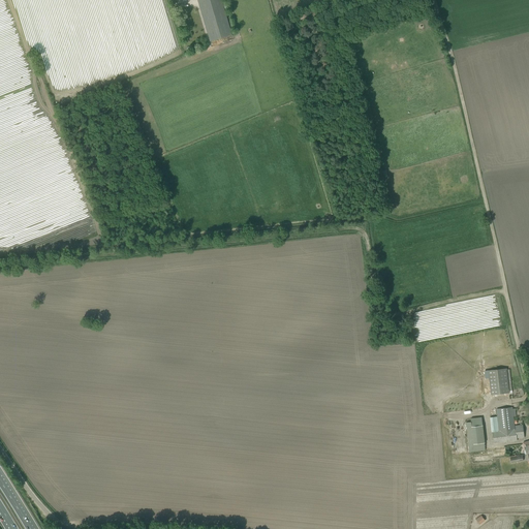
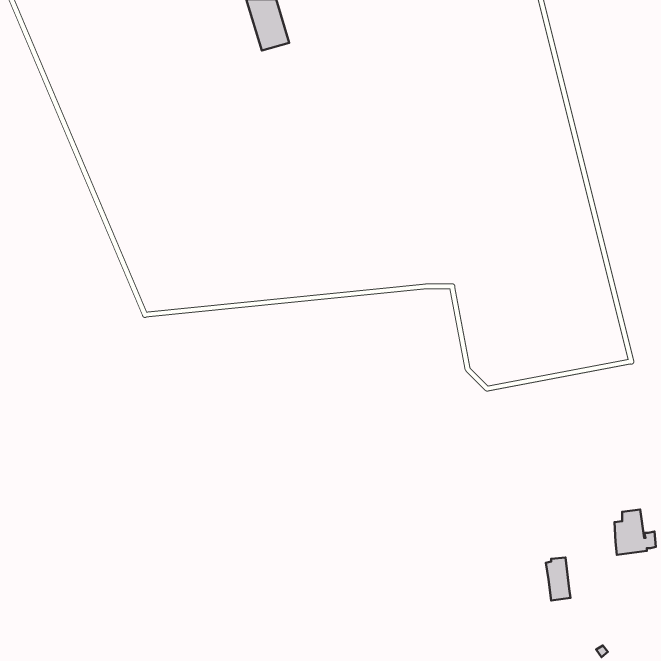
building: [487,368,508,394] -> none
building: [465,417,485,452] -> [546,558,571,600]

